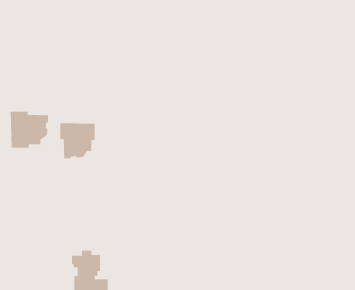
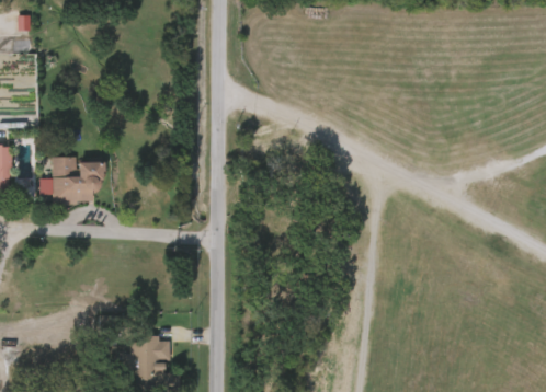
building: [60,122,95,159] -> none

